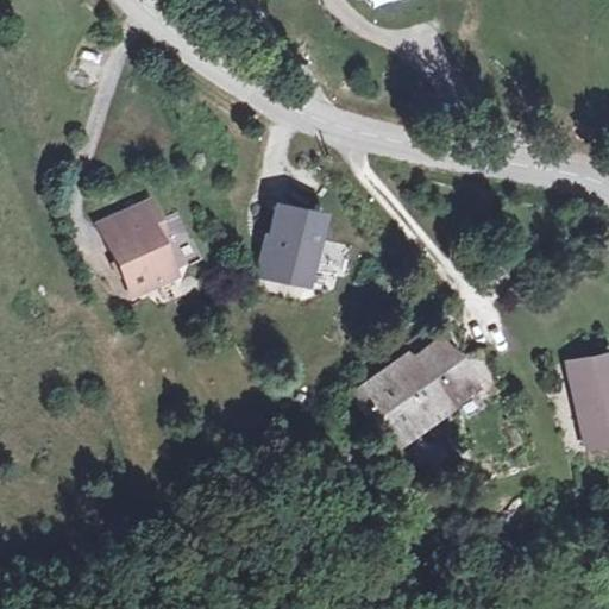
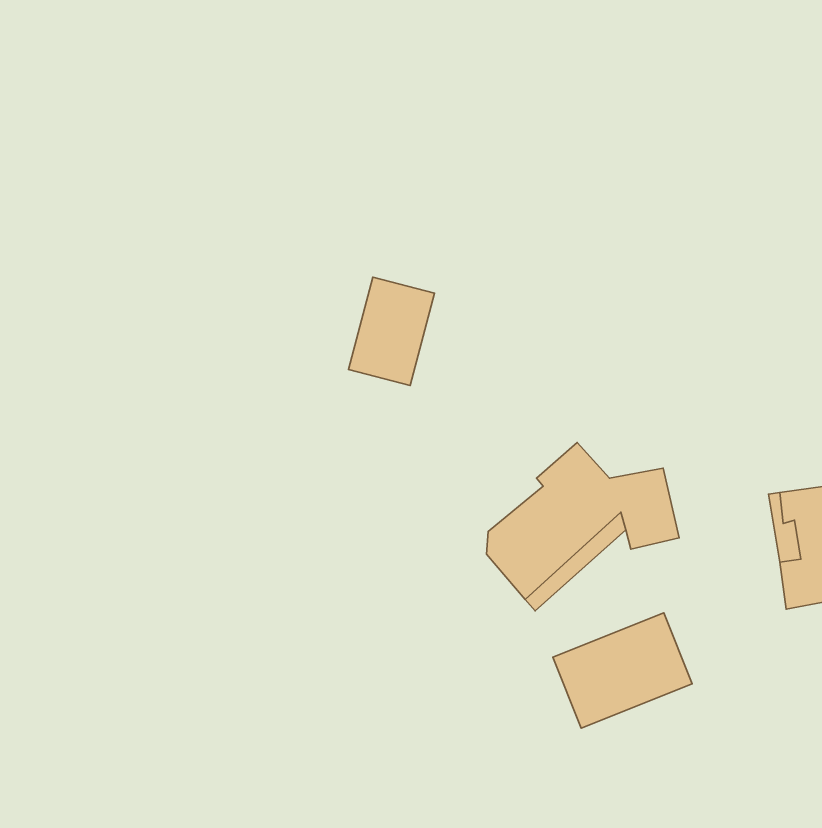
building: [99,200,177,296] -> none
building: none -> [553,613,692,728]

